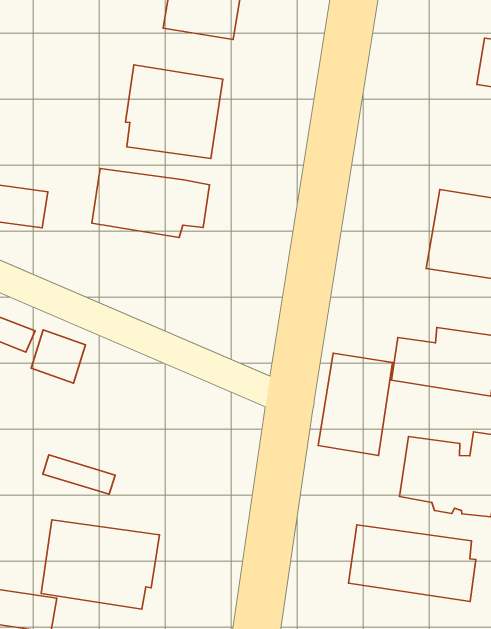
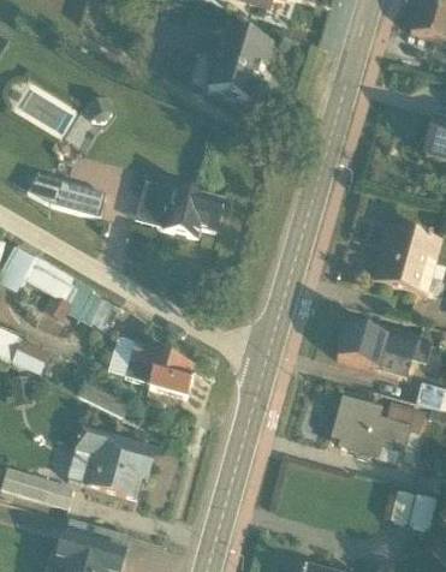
building: [125,65,223,159] -> none
building: [318,353,392,455] -> none
building: none -> [109,335,194,393]
building: [348,525,476,602] -> none

